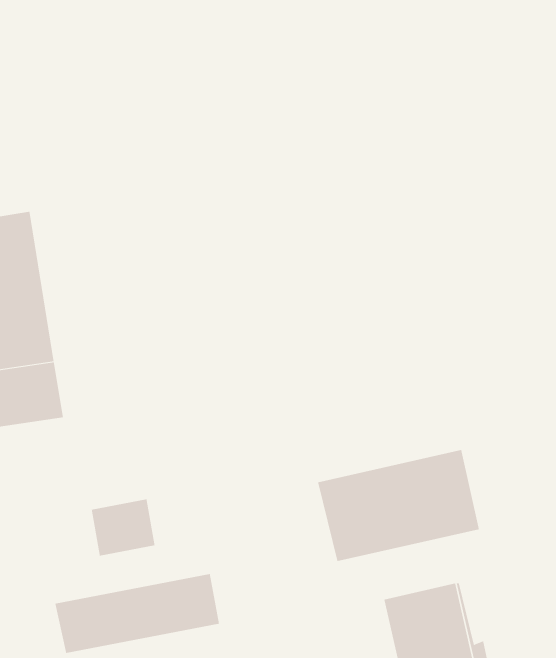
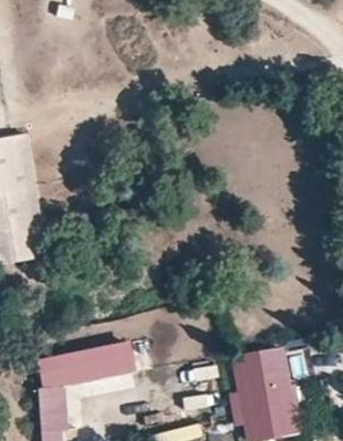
building: [318,449,480,562] -> none
building: [91,499,155,557] -> none

